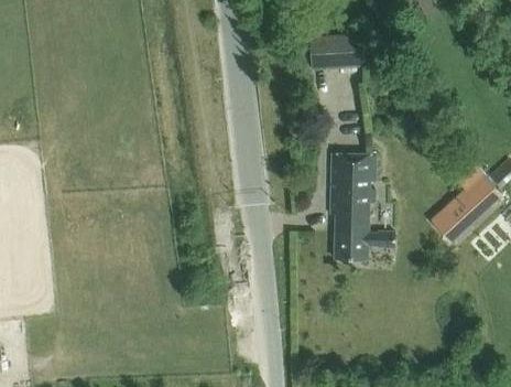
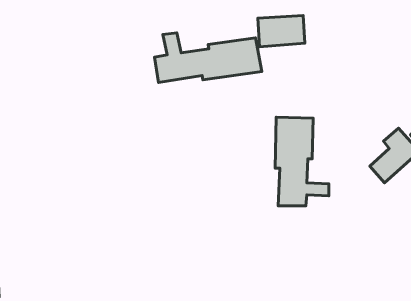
building: none -> [154,33,262,83]

